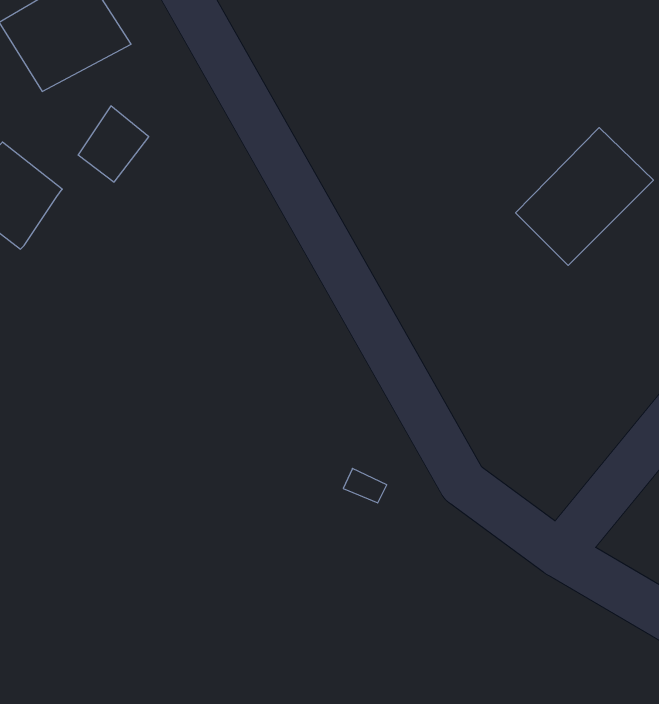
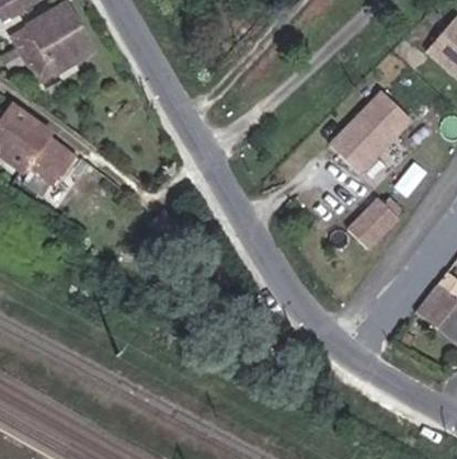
building: [78,106,149,182] -> [32,136,75,182]
building: none -> [342,195,391,246]

